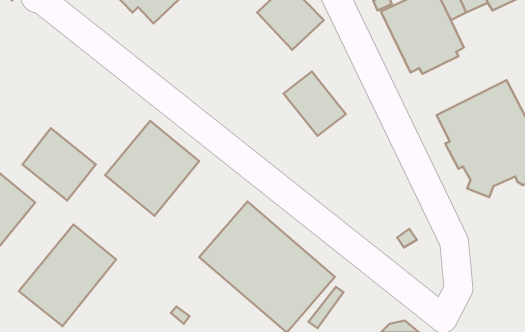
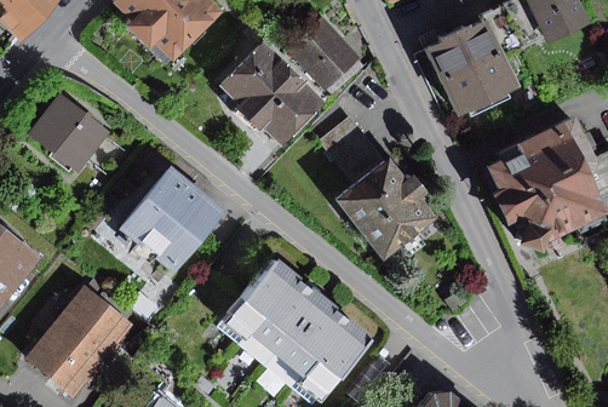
building: none -> [226,44,326,145]
building: none -> [337,159,435,260]
building: [22,128,96,200] -> [28,92,109,172]

